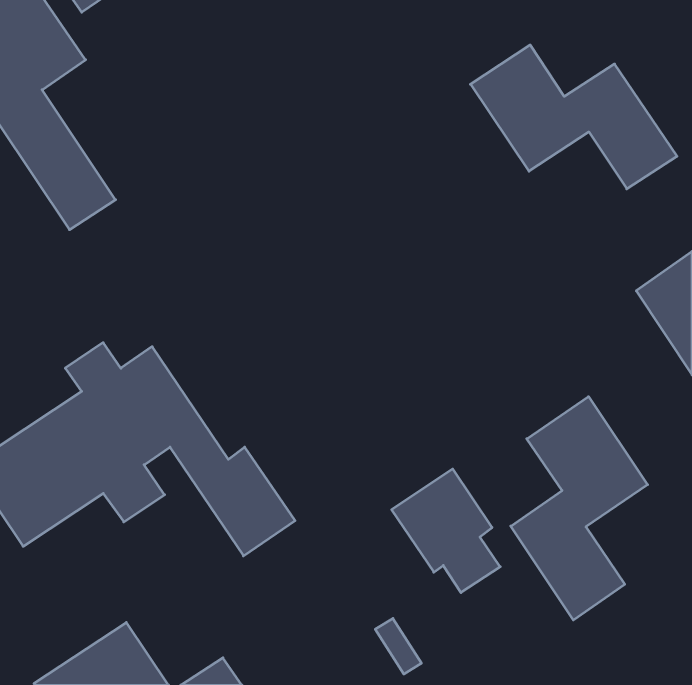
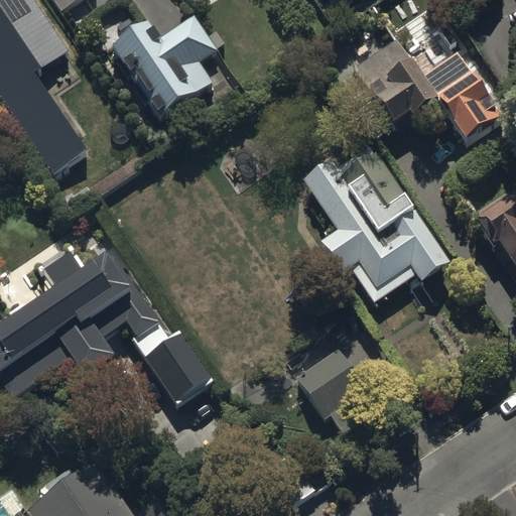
building: none -> [108,9,216,119]
building: none -> [299,132,443,300]
building: [511,397,648,620] -> none

